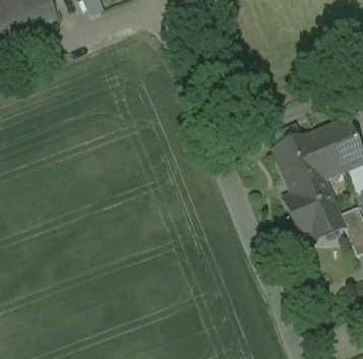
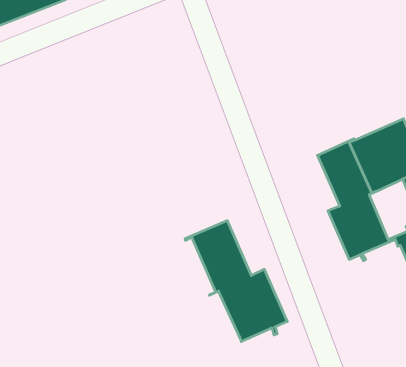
building: none -> [185,221,287,342]

